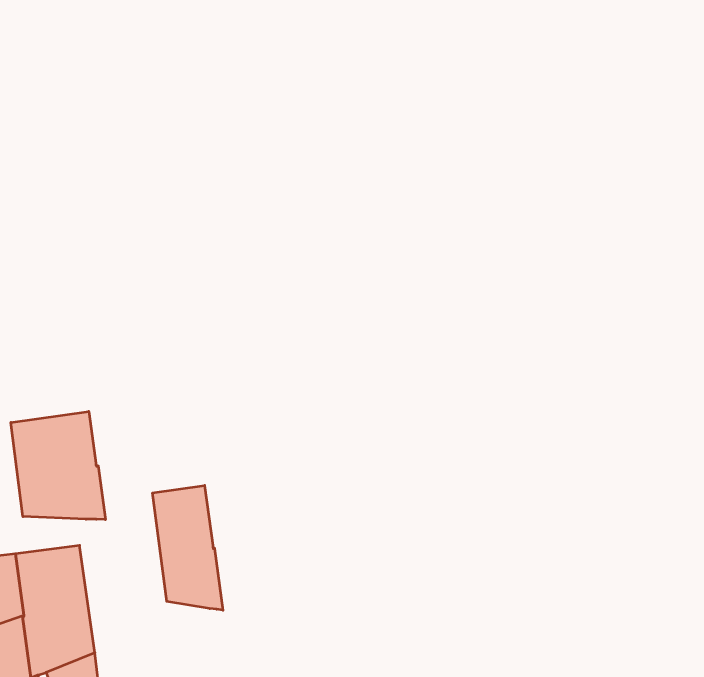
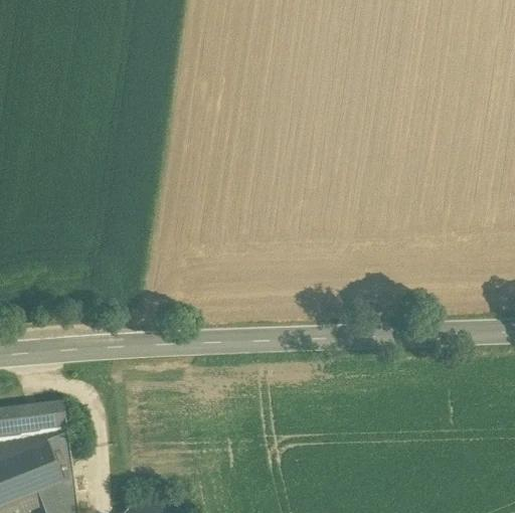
building: [11,411,105,520] -> none
building: [153,485,223,610] -> none

